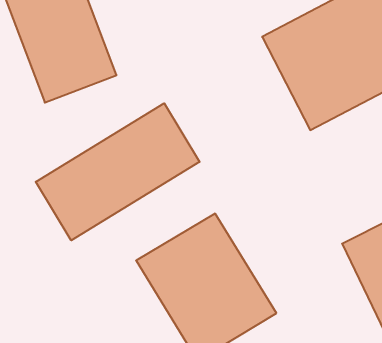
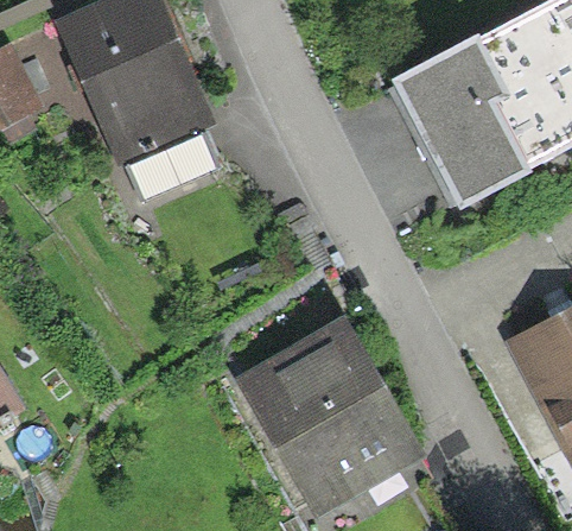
building: [36,103,200,240] -> none

